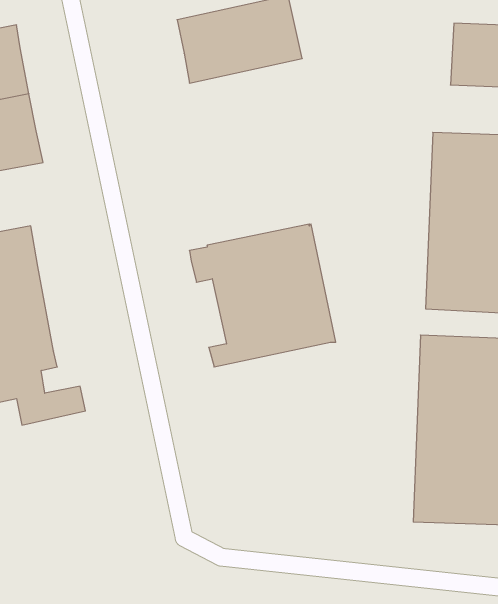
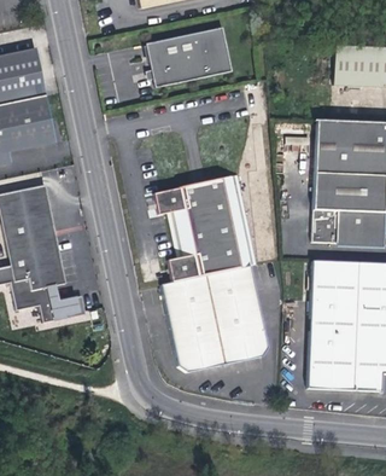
building: none -> [159,263,268,371]

